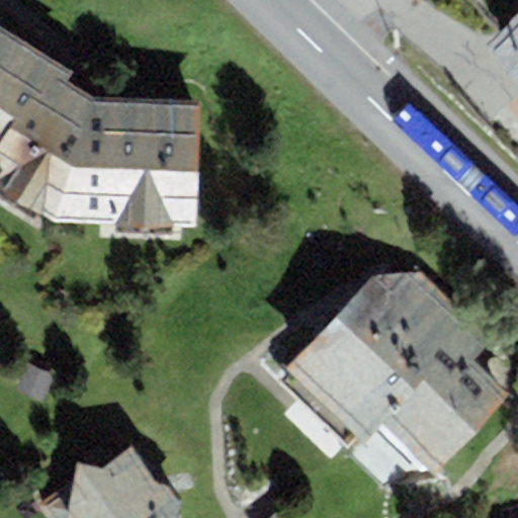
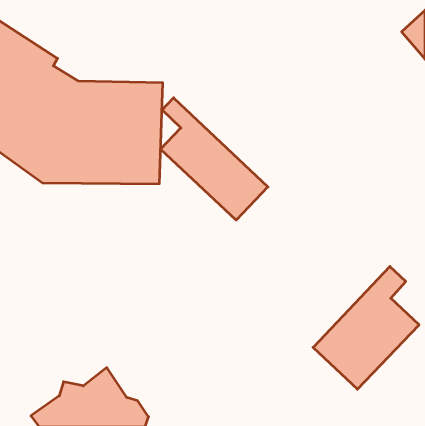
building: none -> [161,98,268,220]
building: [286,274,472,440] -> none

